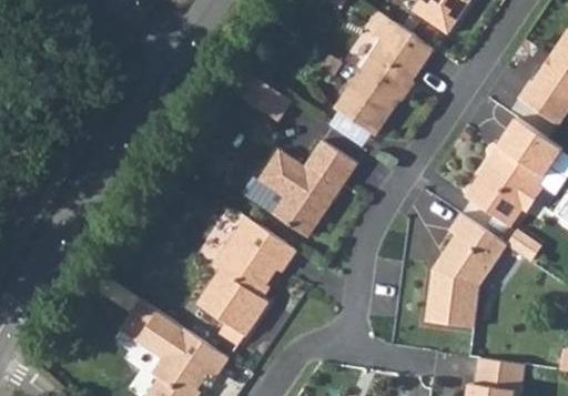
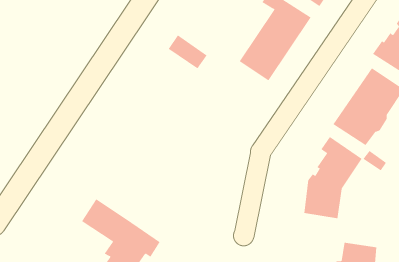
building: [248,143,357,236] -> none
building: [196,216,296,342] -> none

